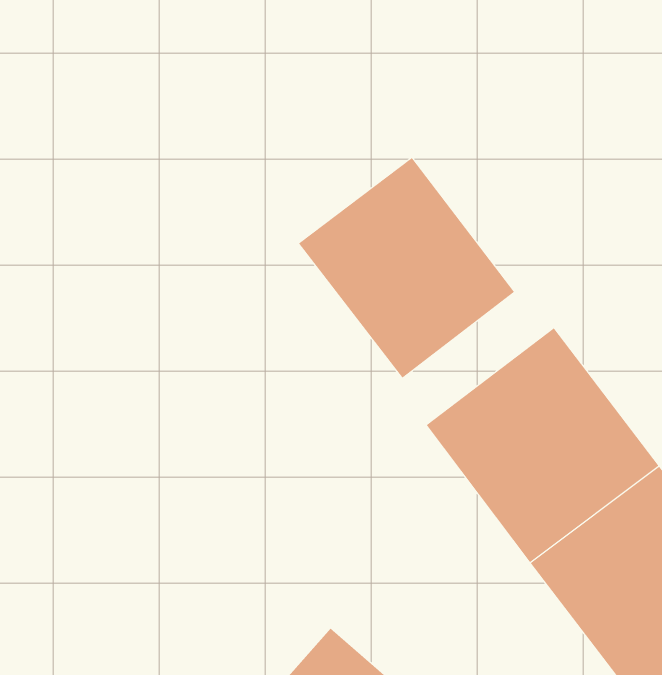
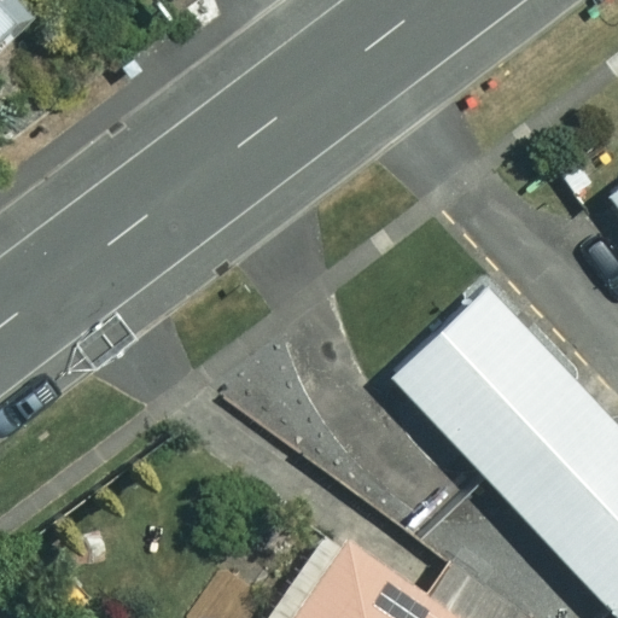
building: [298,157,515,379] -> none

